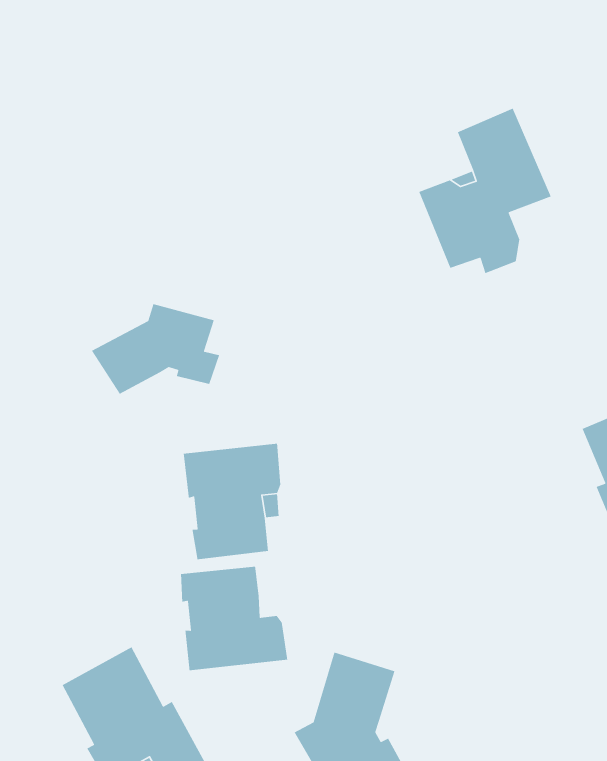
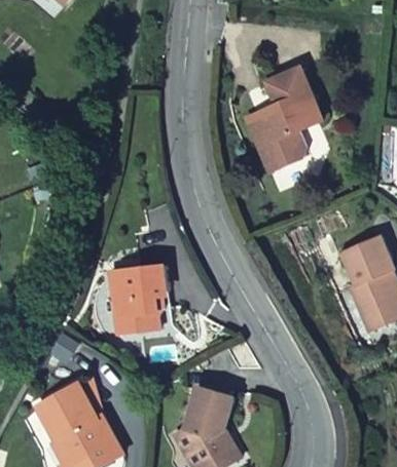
building: [91,303,220,395] -> none
building: [180,566,288,671] -> none

